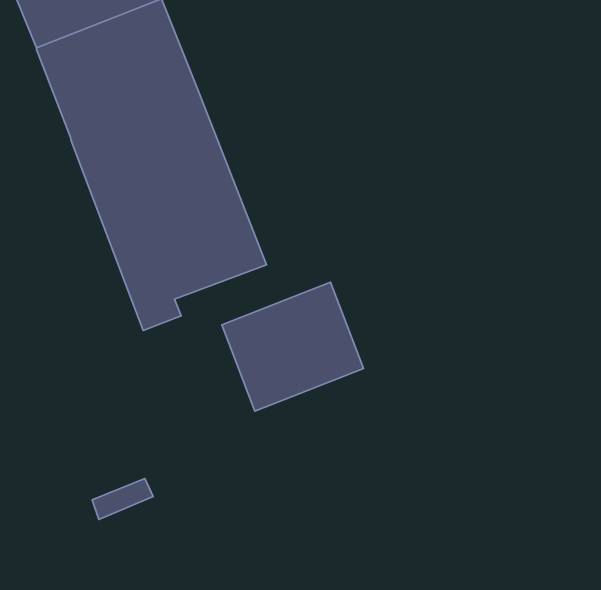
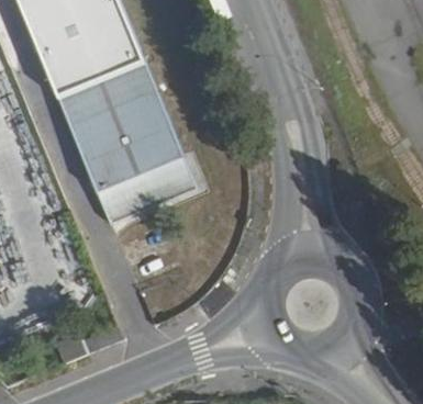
building: [222,282,363,411] -> none

